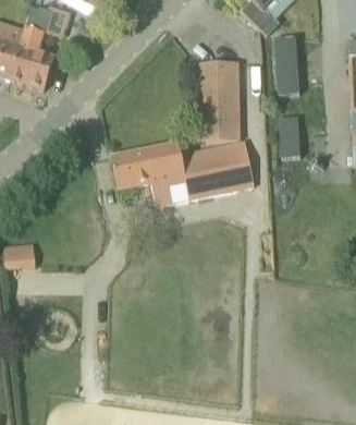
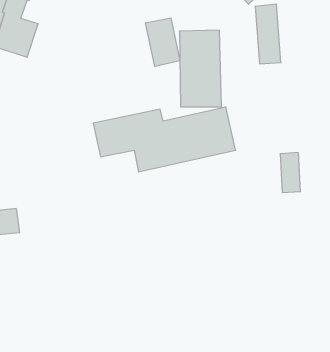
building: none -> [146,18,180,67]
building: [279,116,299,156] -> [280,153,301,193]

